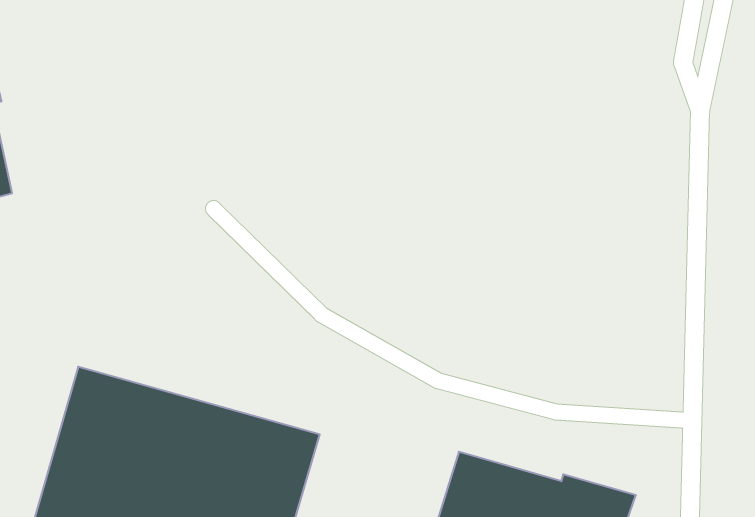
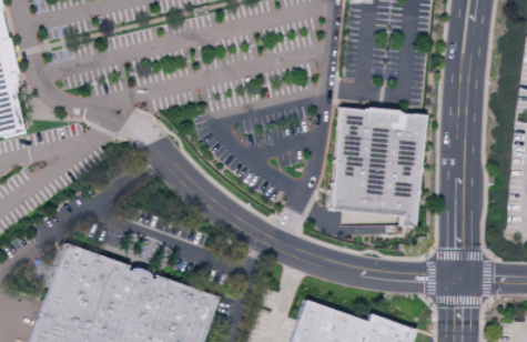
building: none -> [328,108,424,229]

